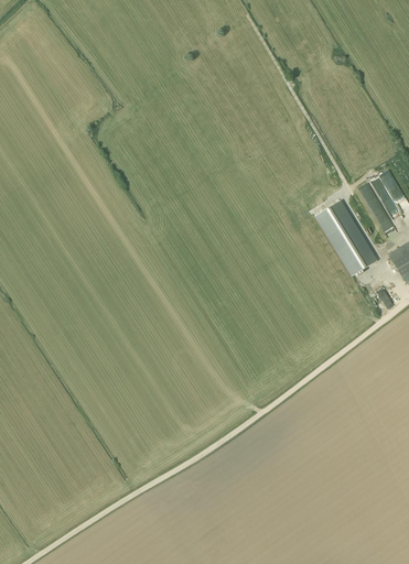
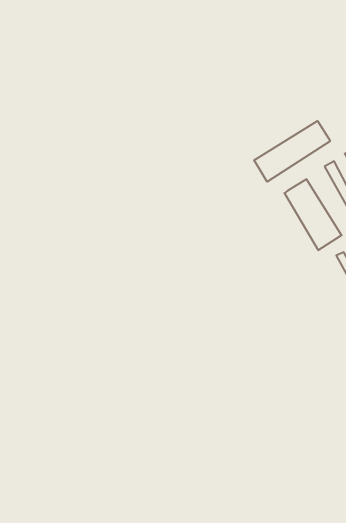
building: none -> [254,121,330,182]

